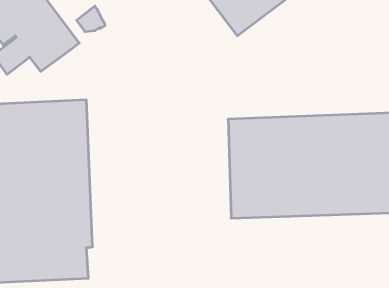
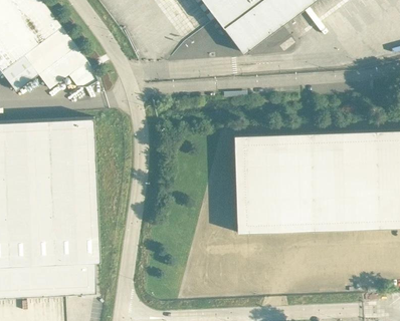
building: [77,6,105,32] -> [69,62,97,87]

